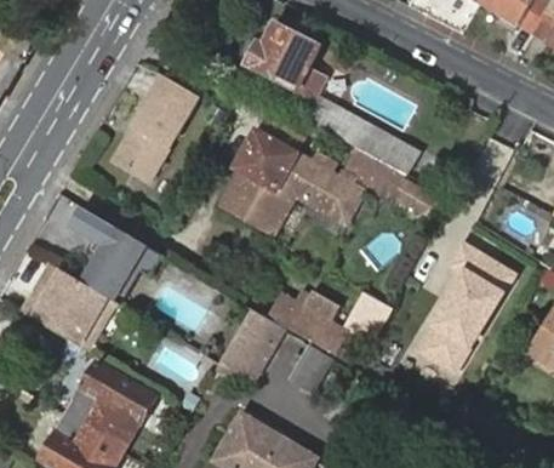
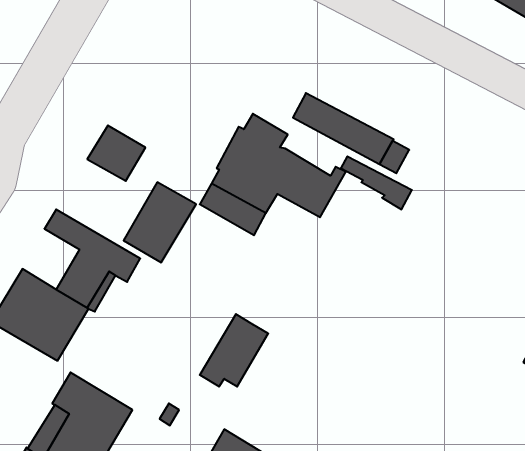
building: [240,23,322,95] -> none
building: [133,74,201,149] -> [124,182,196,262]
building: [415,242,507,369] -> none
building: [269,291,392,352] -> none

